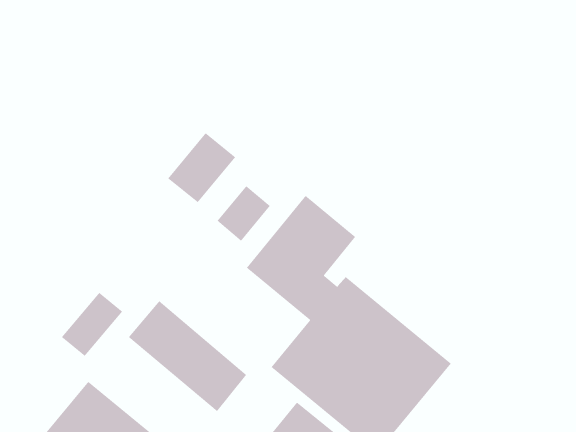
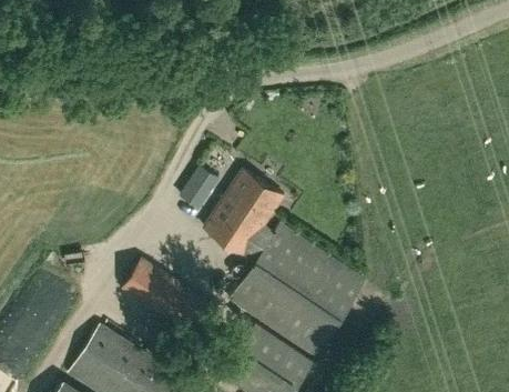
building: [167,132,236,203] -> none
building: [61,292,123,357] -> none

